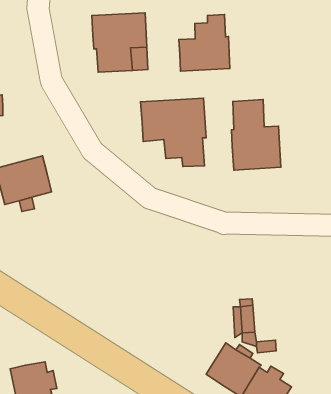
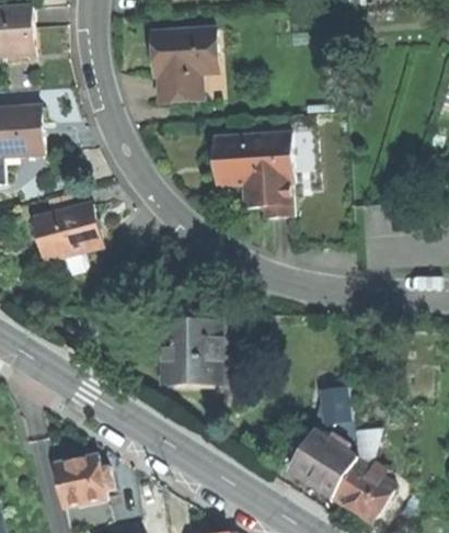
building: [179,14,230,71] -> none
building: [232,100,281,170] -> none
building: none -> [159,318,238,386]

